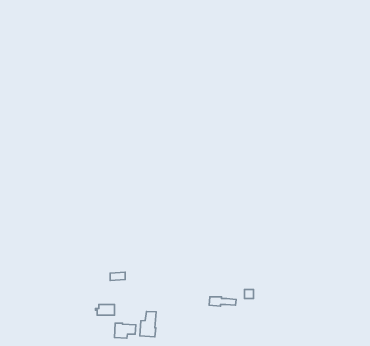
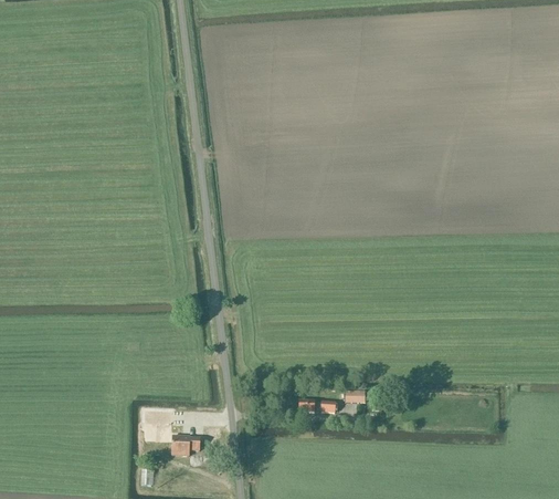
building: [140,312,156,337] -> none

